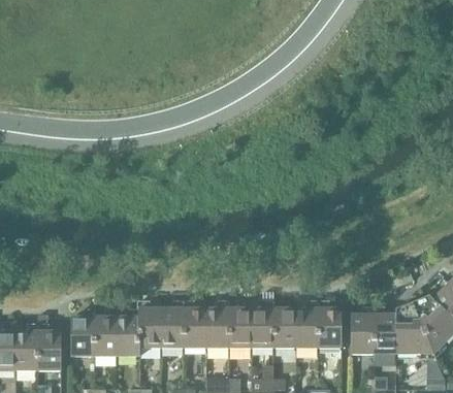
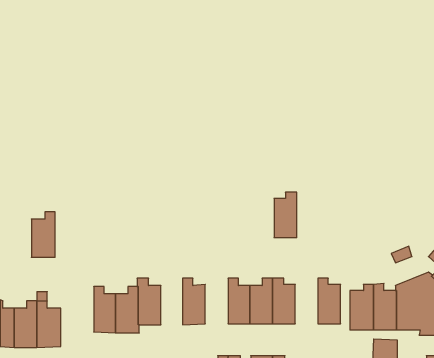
building: [161,302,183,349] -> none
building: [205,302,228,348] -> none
building: [295,302,318,348] -> [274,192,297,238]
building: [70,310,94,356] -> [31,212,55,257]

